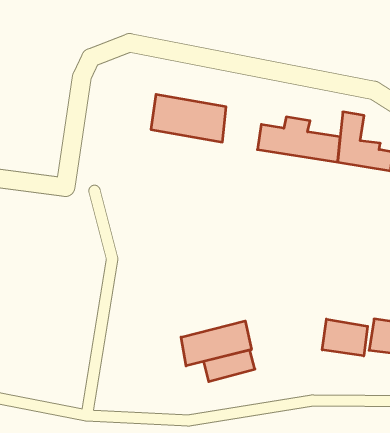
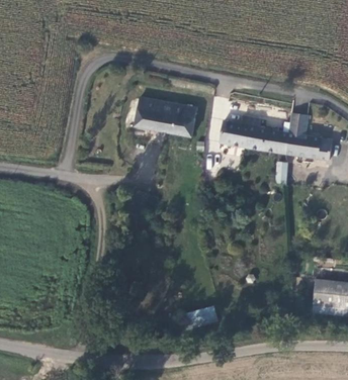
building: [322,319,368,356] -> none
building: [181,321,251,366] -> none

